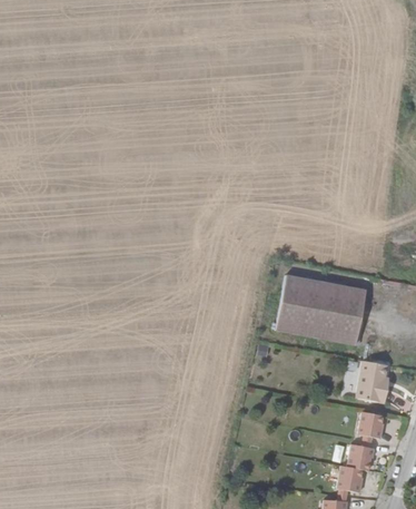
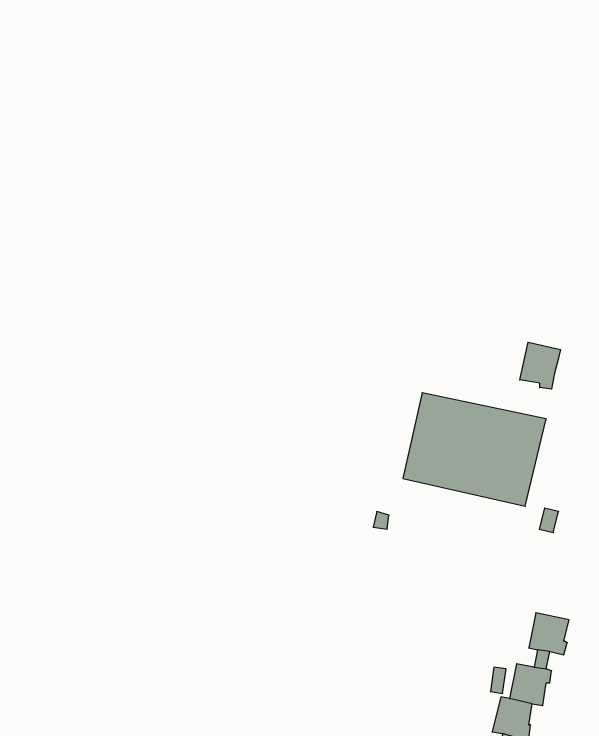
building: none -> [520,342,561,389]
building: [359,365,387,404] -> none

